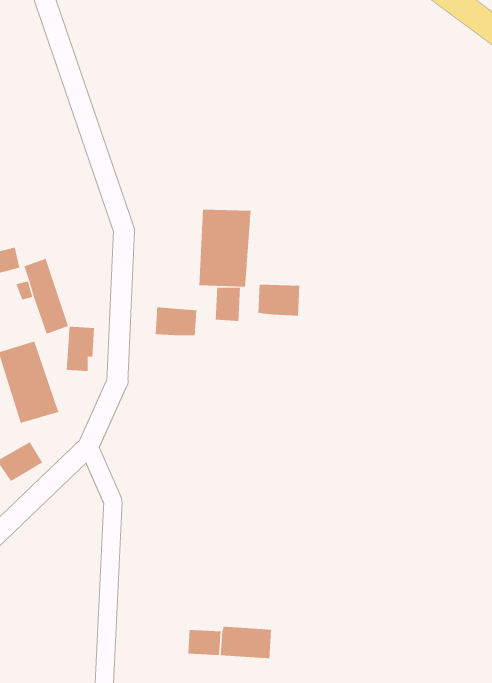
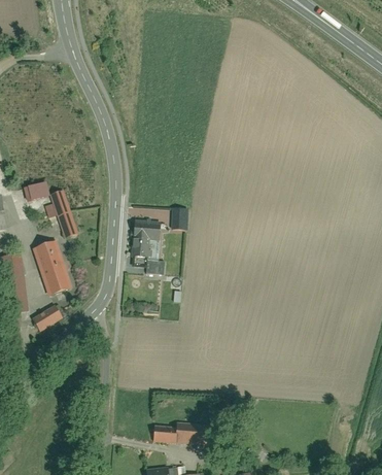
building: [199,209,251,287] -> none
building: [258,284,300,317] -> none
building: [66,326,95,372] -> [131,237,149,266]

